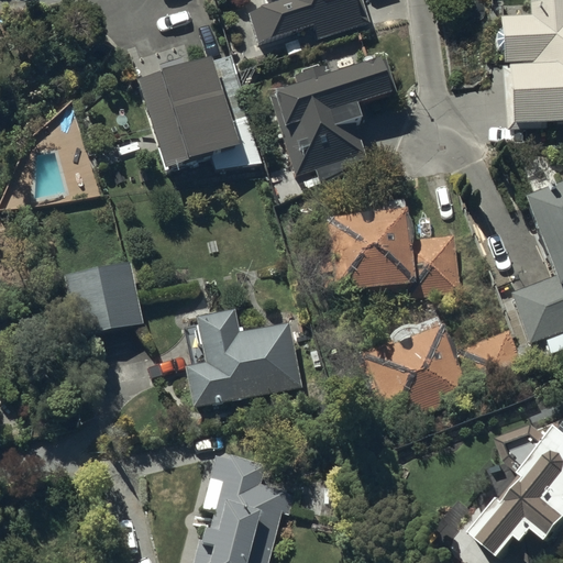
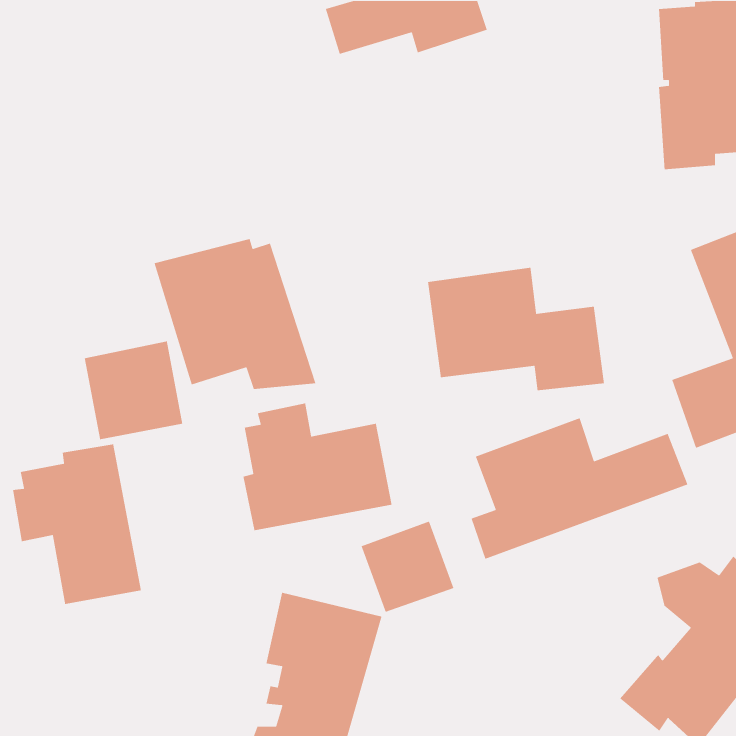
building: [140,53,264,168] -> [154,238,317,390]
building: [276,54,395,184] -> none
building: none -> [12,444,142,605]
building: none -> [361,521,455,613]

